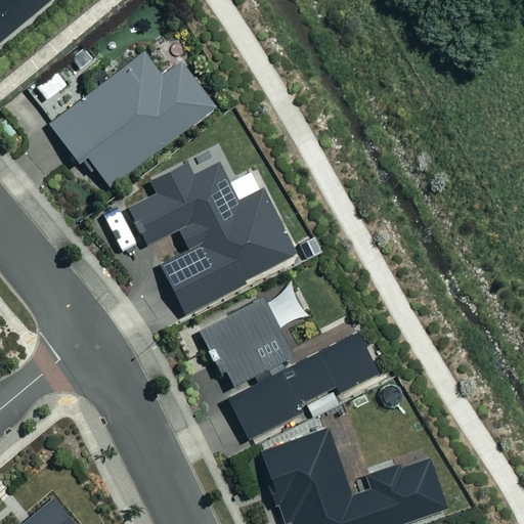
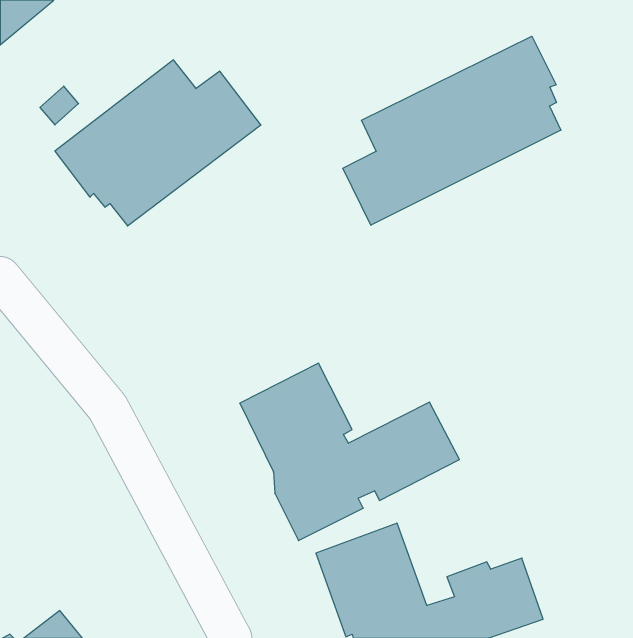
building: none -> [343,36,561,225]
building: [127,155,299,316] -> none

